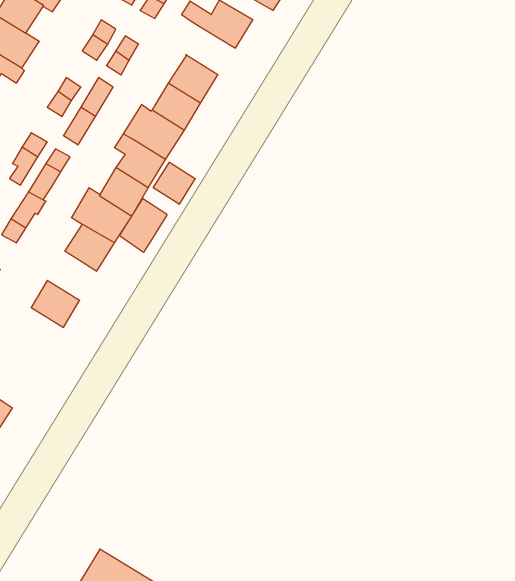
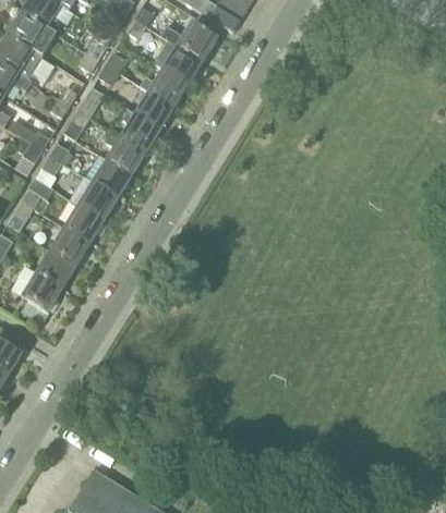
building: none -> [154,40,203,84]
building: [153,162,195,204] -> none
building: [120,198,167,252] -> none
building: none -> [50,227,91,267]
building: none -> [19,266,63,312]

